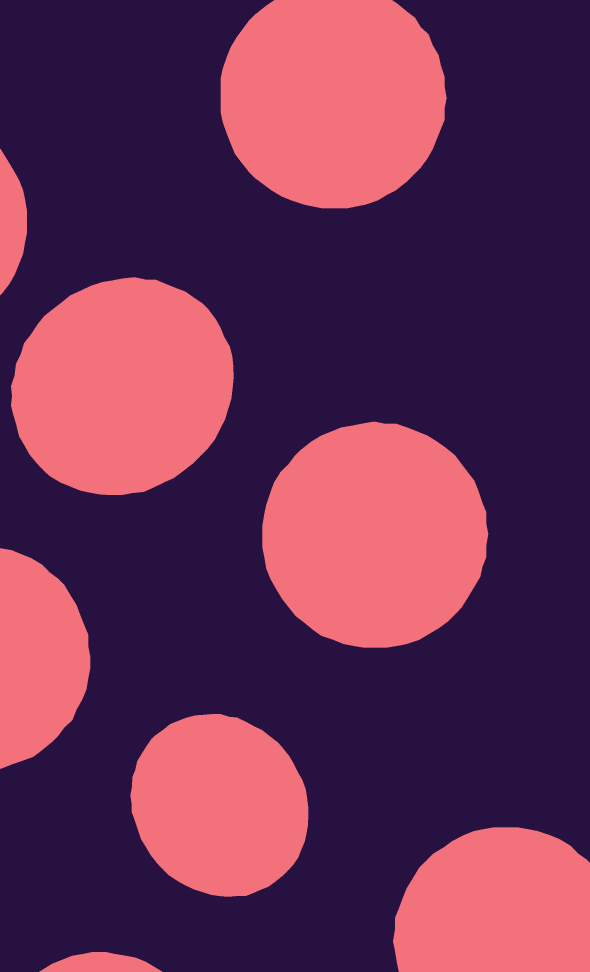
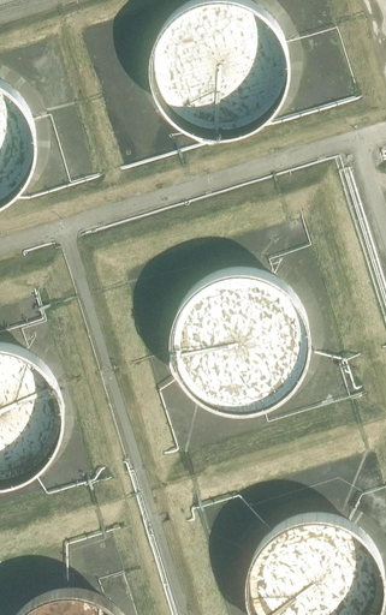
building: [10,277,235,496] -> none
building: [129,713,309,898] -> none

